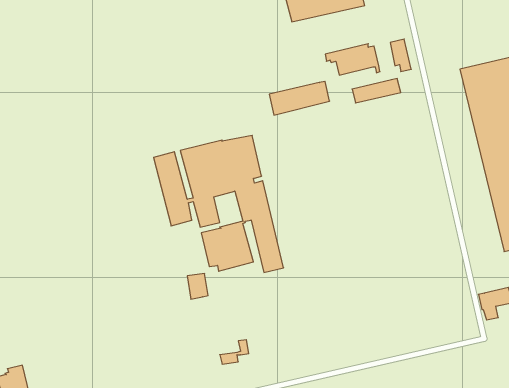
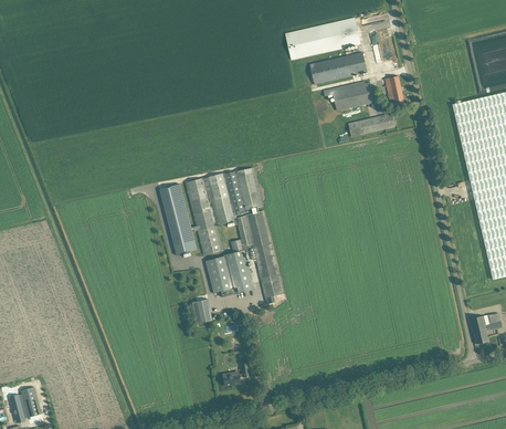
building: [269,81,330,115] -> [310,52,368,84]

